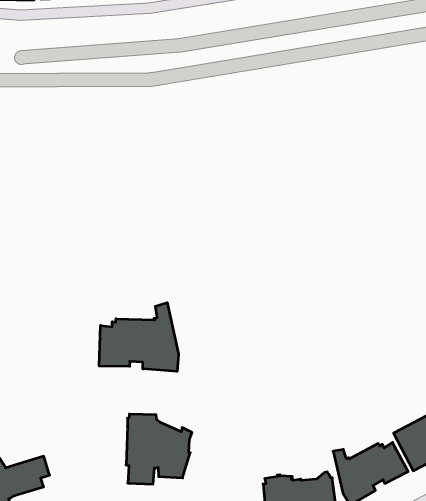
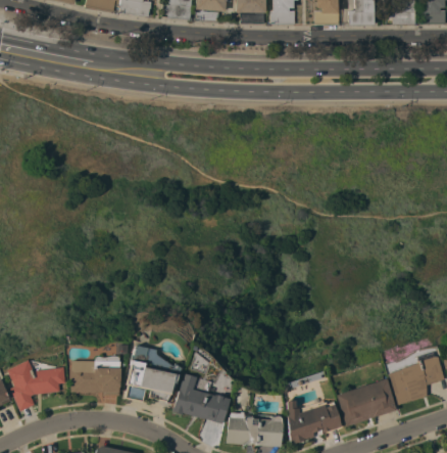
building: [99,303,179,371] -> none
building: none -> [69,360,119,395]
building: none -> [172,372,230,423]

